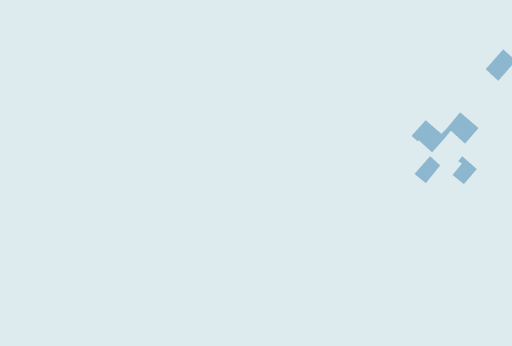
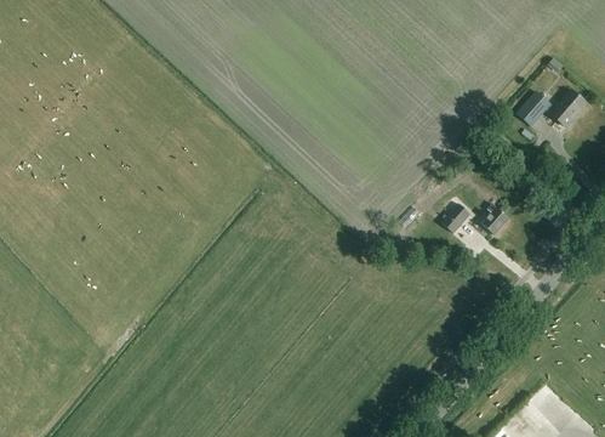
building: [411,111,479,153] -> none

